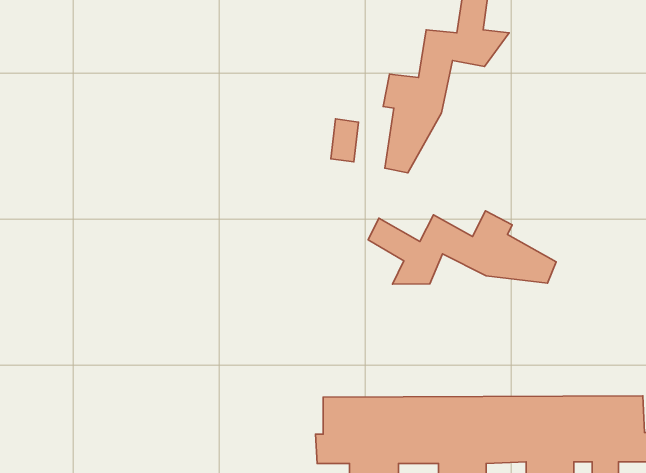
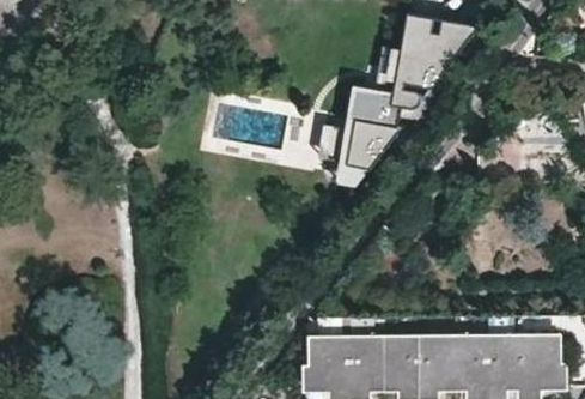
building: [368,211,556,284] -> none

